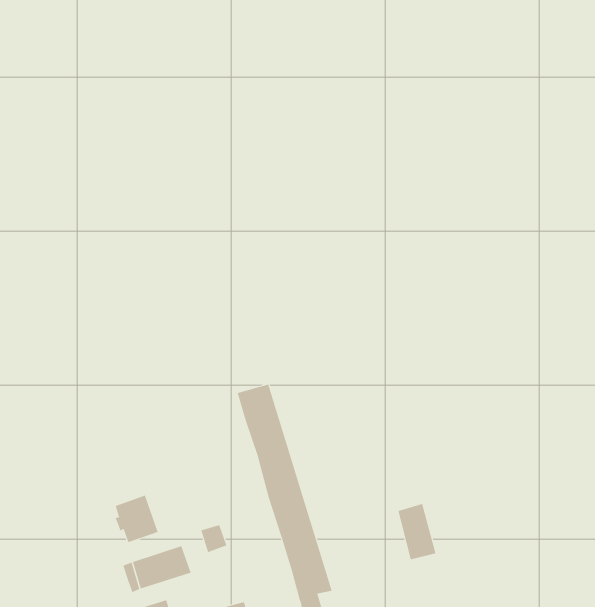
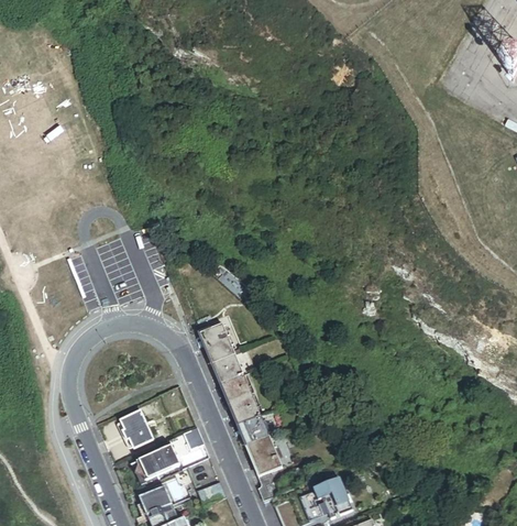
building: [398,503,436,560] -> none

